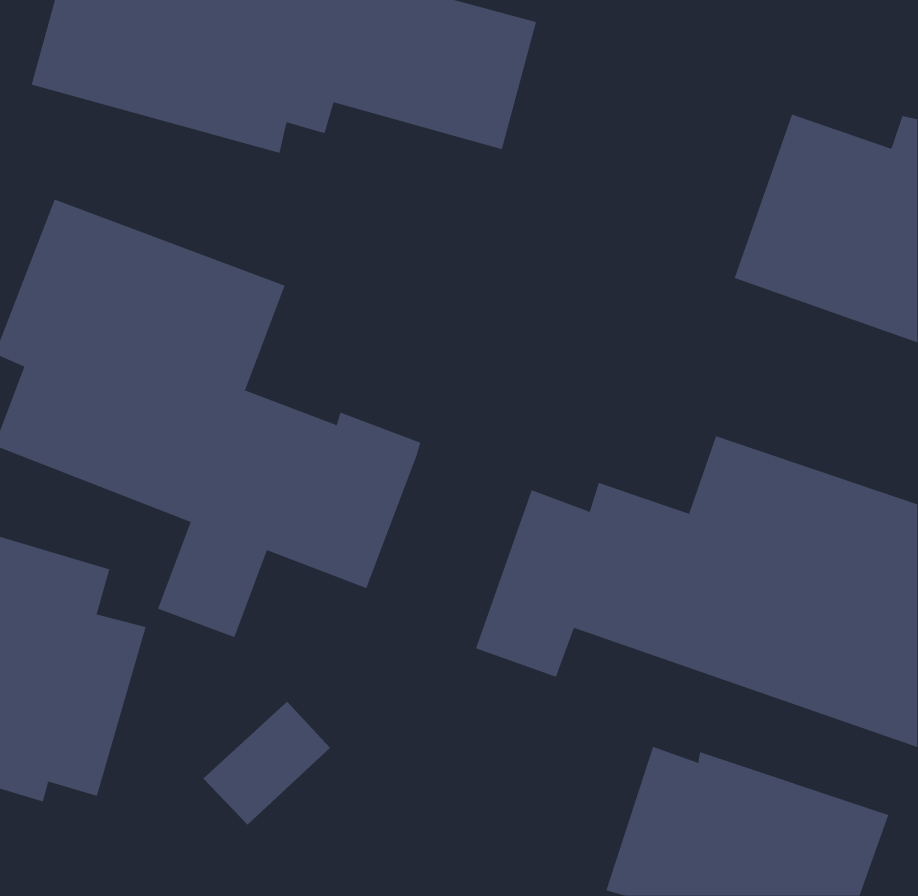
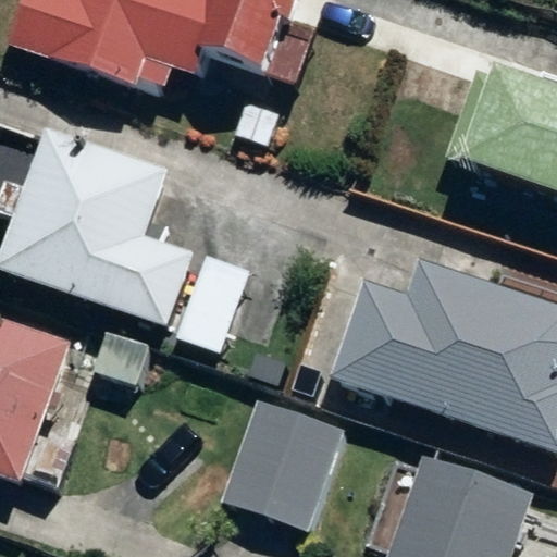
building: none -> [222,396,346,530]

